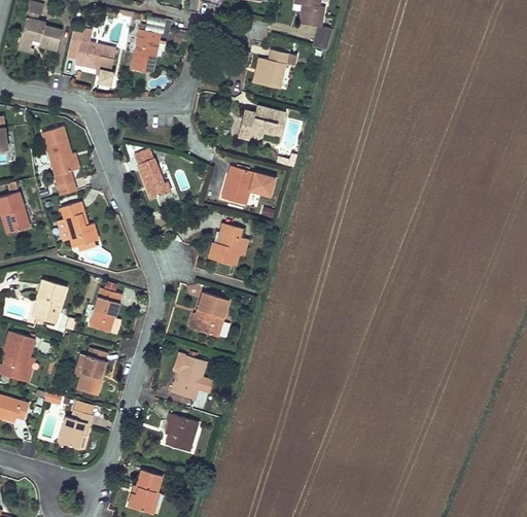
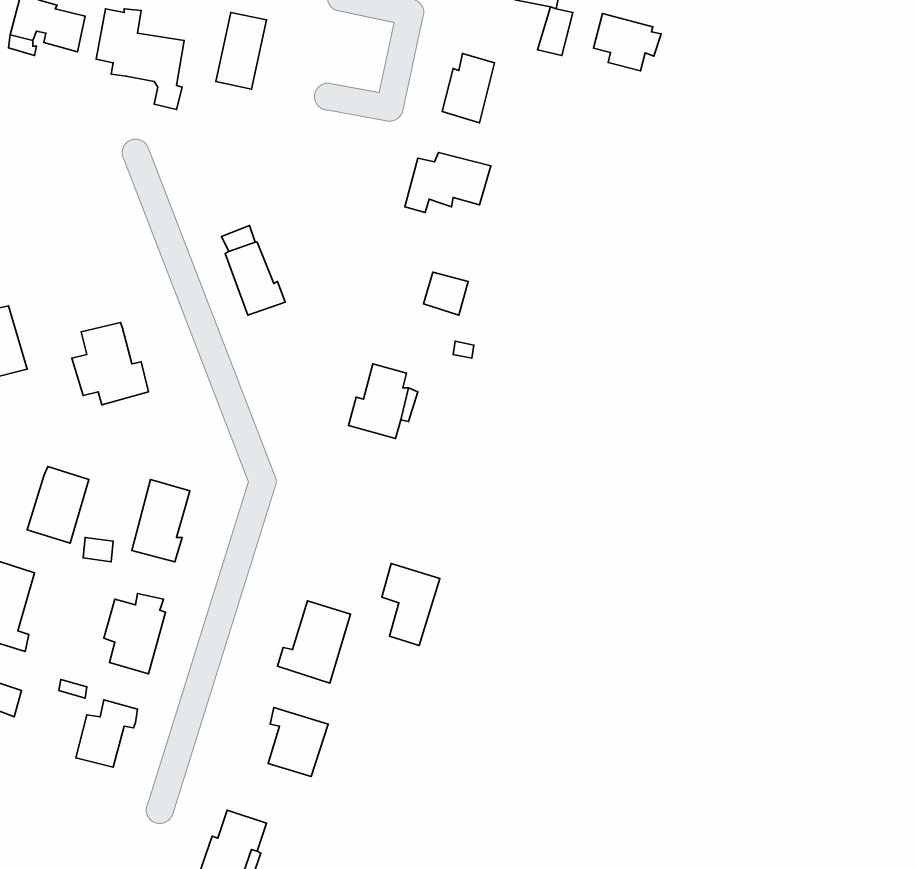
building: none -> [594,14,661,71]
building: [41,125,80,197] -> none
building: [221,166,253,205] -> none
building: [194,289,225,335] -> [382,563,440,646]

